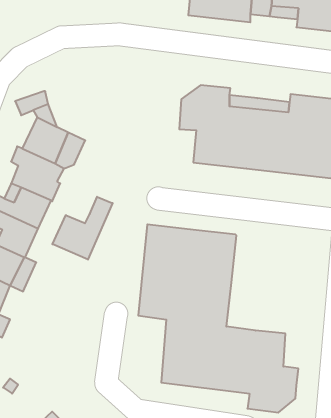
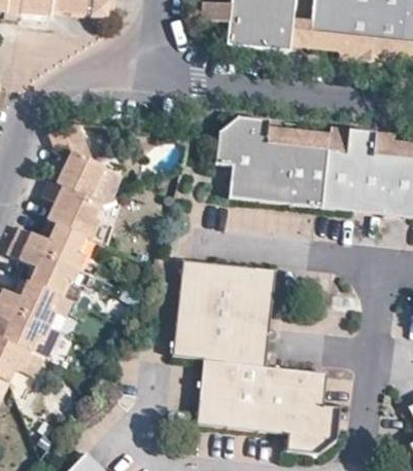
building: [52,197,113,260] -> none

